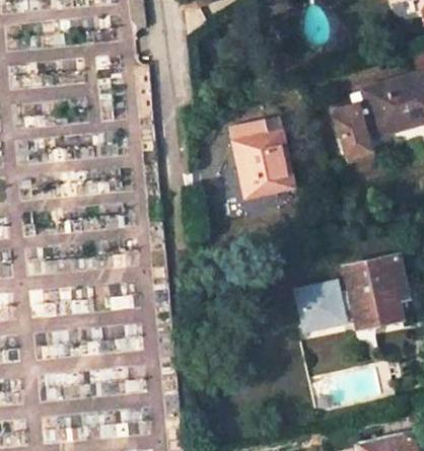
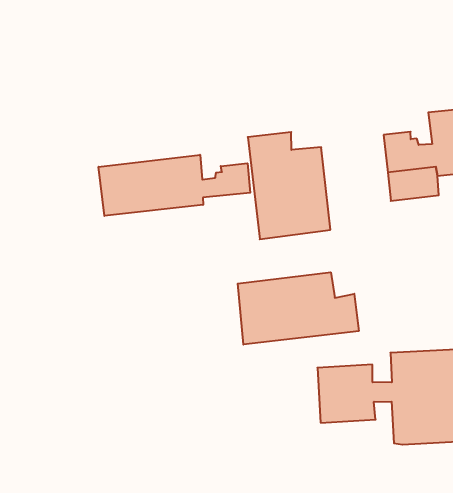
building: none -> [99,155,250,216]
building: none -> [238,272,359,345]

